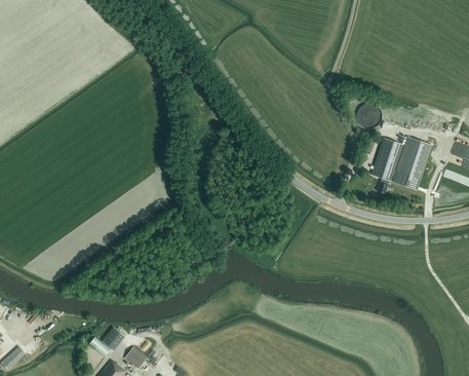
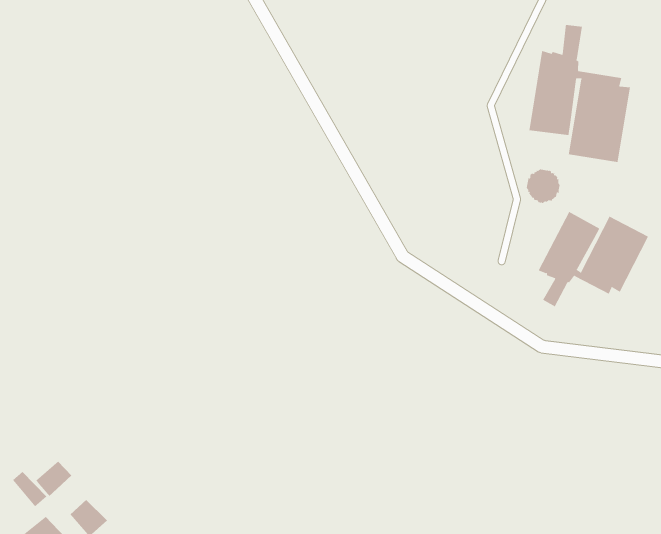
building: none -> [529,24,631,163]

